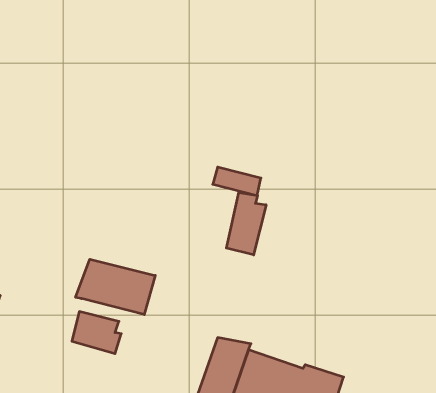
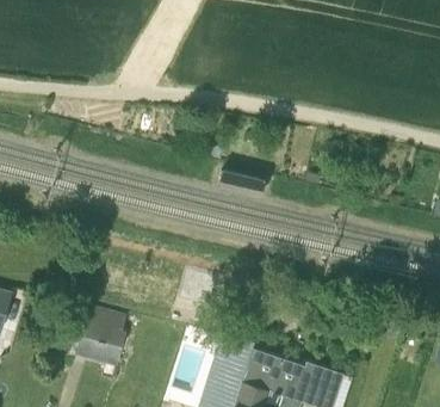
building: [226,192,266,255] -> none
building: [76,259,155,315] -> none

